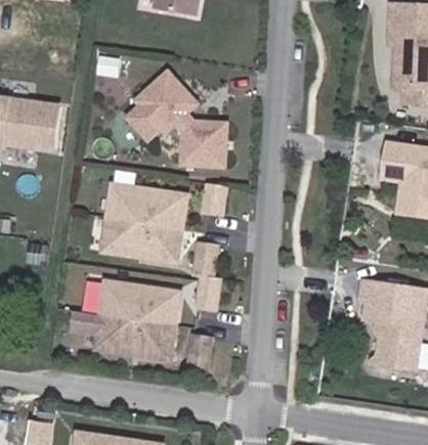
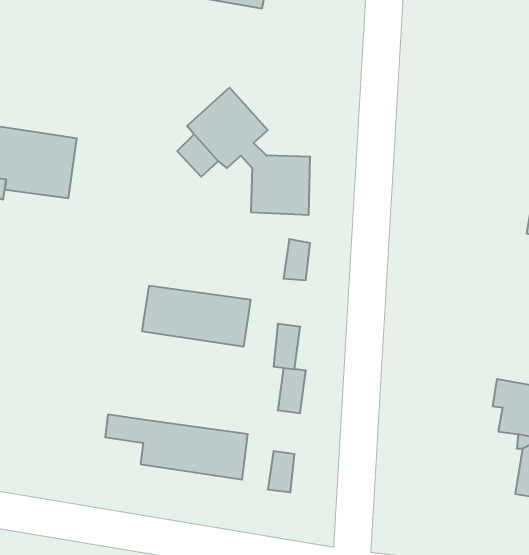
building: [109,181,187,224] -> none
building: [106,277,185,321] -> none

